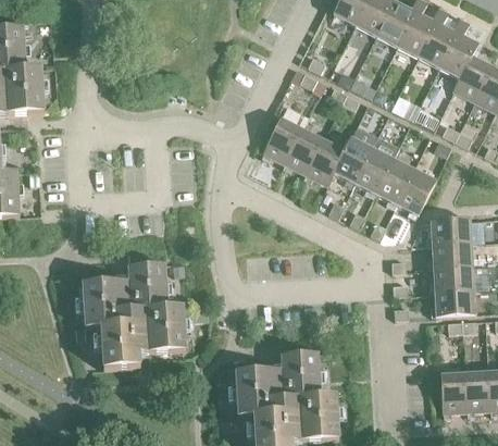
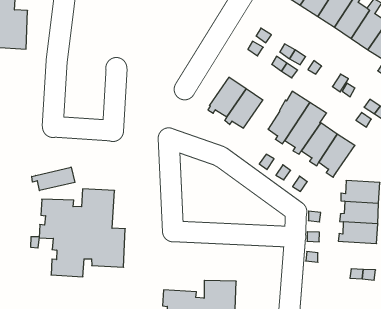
building: [303,139,345,185] -> none
building: none -> [32,167,75,191]
building: [431,289,475,315] -> none

